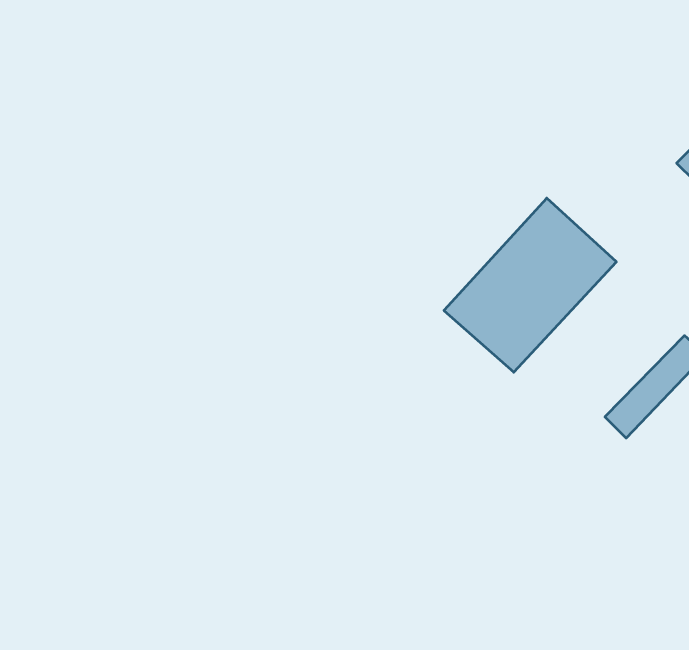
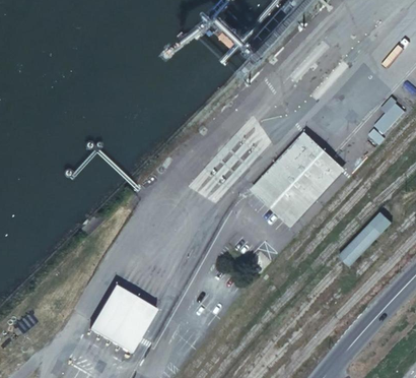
building: none -> [88,286,158,355]

